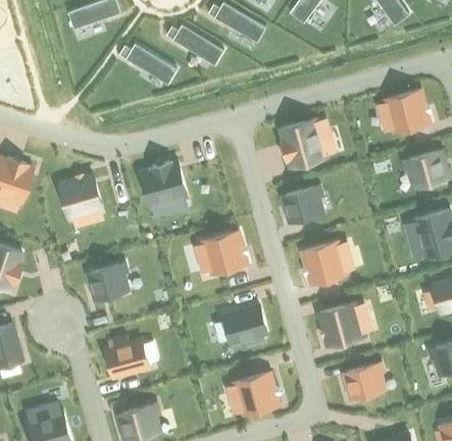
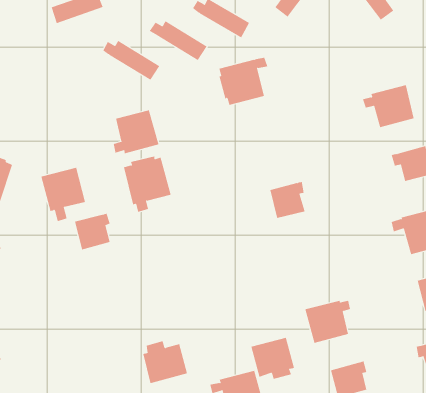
building: none -> [113,109,159,154]
building: [280,119,329,167] -> [219,57,268,106]
building: [194,230,247,274] -> none
building: [303,243,349,284] -> none
building: [90,263,125,299] -> [74,213,110,250]
building: [223,305,267,346] -> [251,337,295,379]
building: [105,335,150,378] -> [143,340,188,384]

